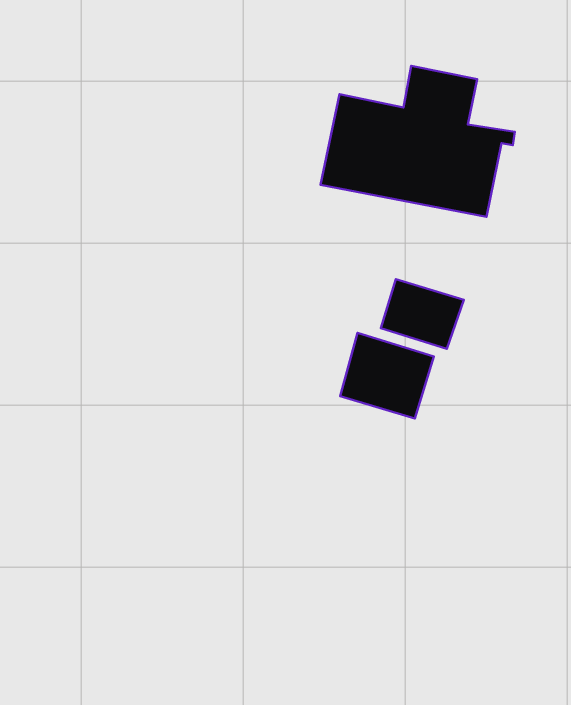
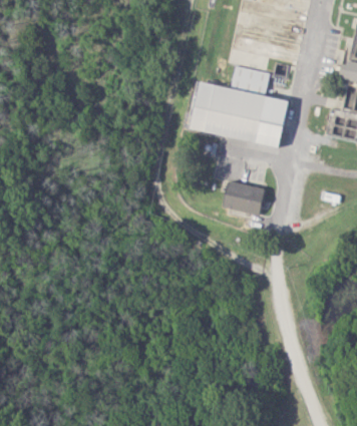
building: [340,333,434,419] -> none

